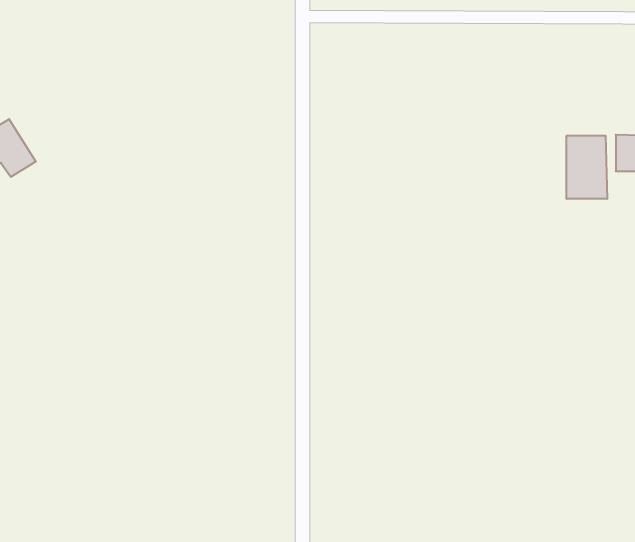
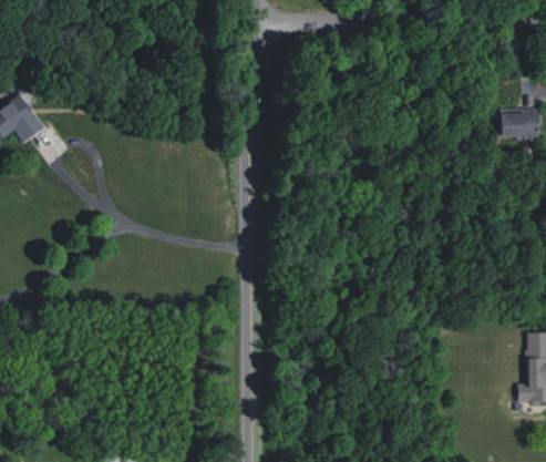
building: [567,136,607,199] -> none

